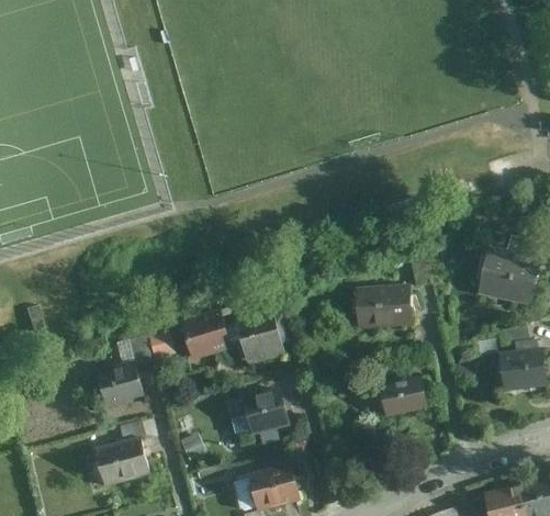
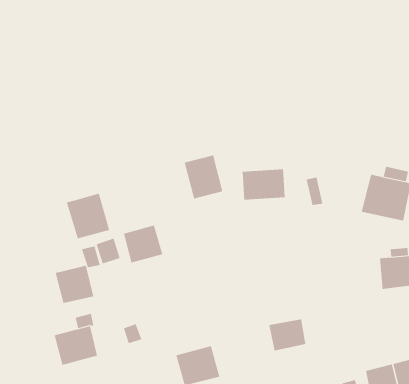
building: none -> [67,193,110,239]
building: [355,288,409,327] -> [242,169,286,200]
building: [233,309,282,364] -> [184,155,223,199]
building: [378,377,425,417] -> [269,319,306,351]
building: [239,389,288,436] -> none

